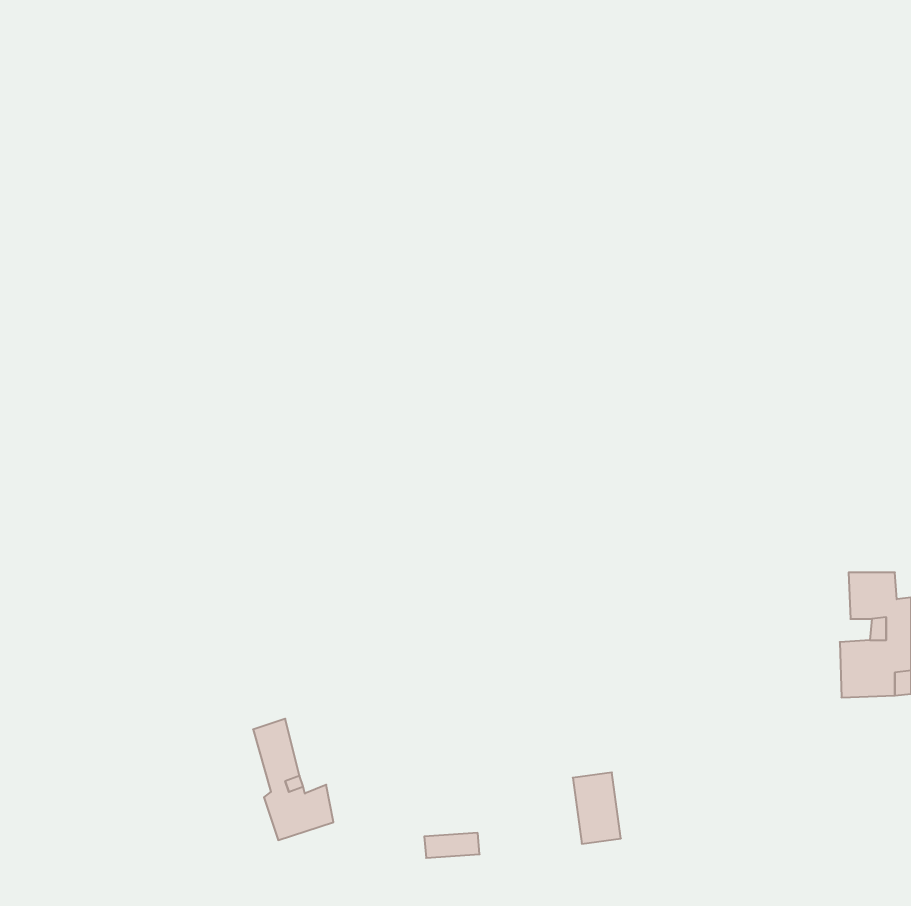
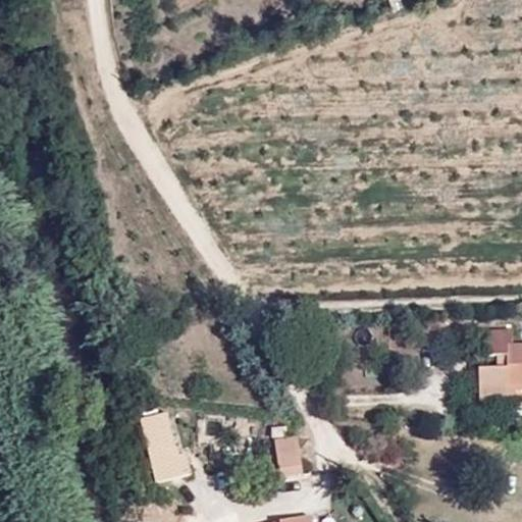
building: [573,772,621,844] -> [276,436,304,477]

